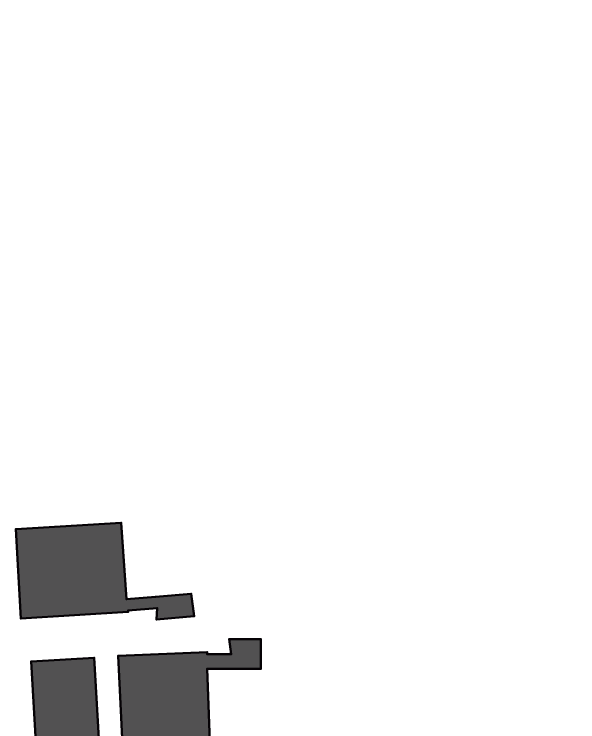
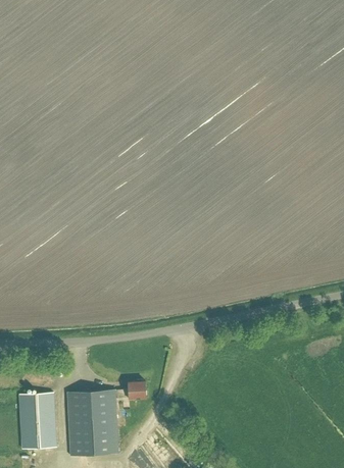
building: [16,523,194,619] -> none

